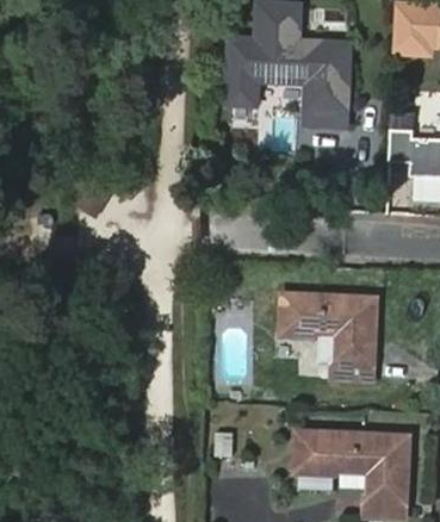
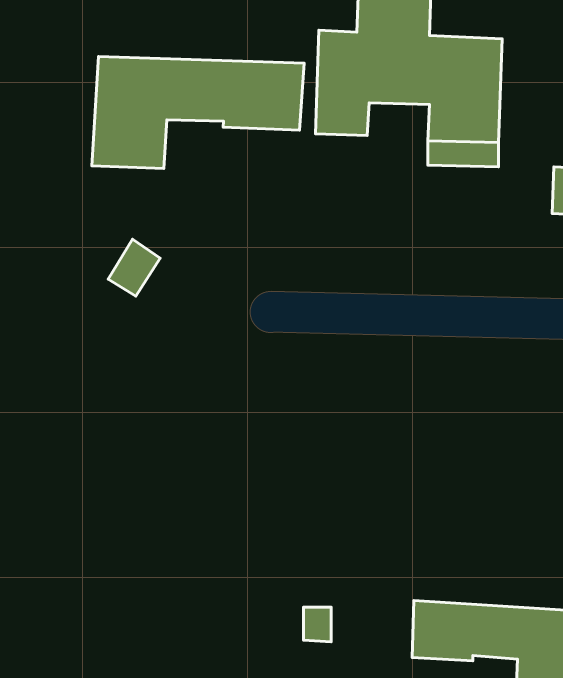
building: none -> [92,56,304,168]
building: [278,293,371,380] -> none

